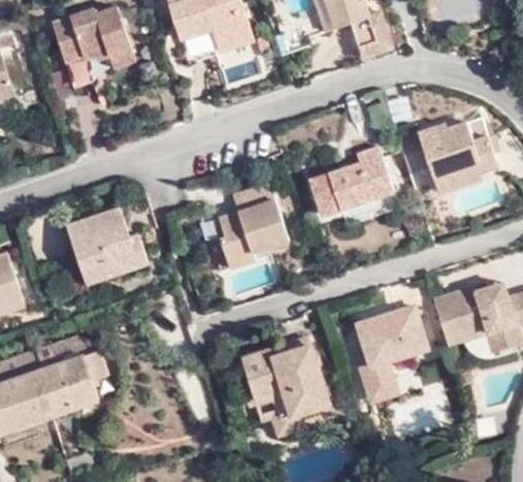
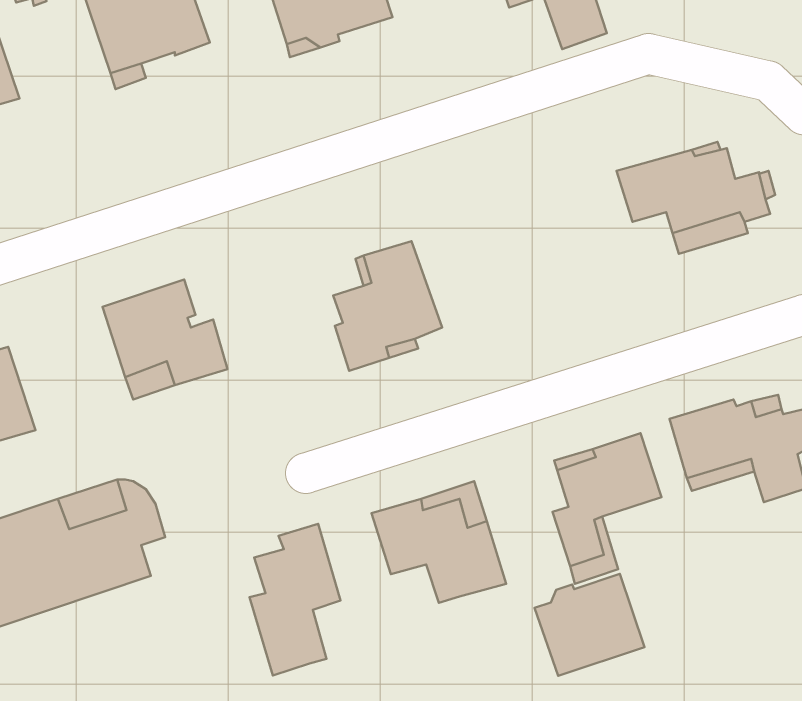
building: [313,148,394,214] -> none
building: none -> [250,524,341,676]
building: [253,392,301,431] -> none
building: none -> [535,574,644,676]

